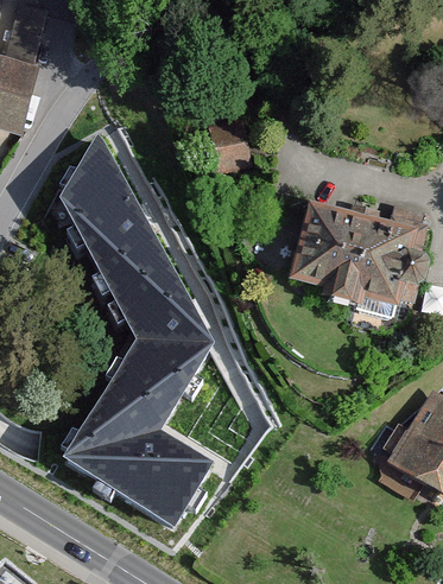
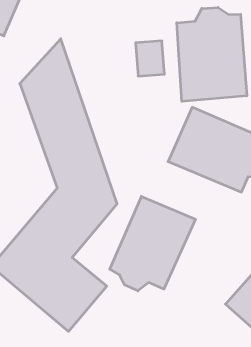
building: none -> [177,7,247,101]
building: none -> [110,196,195,291]

